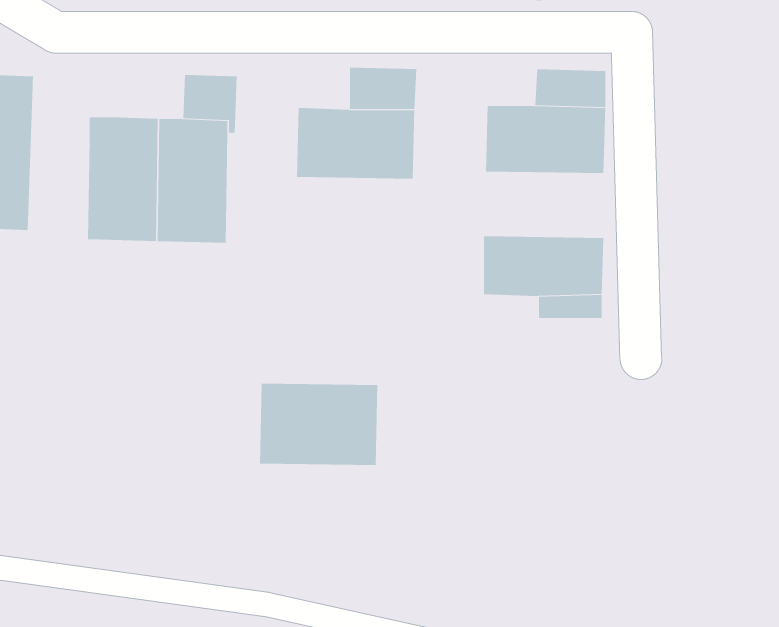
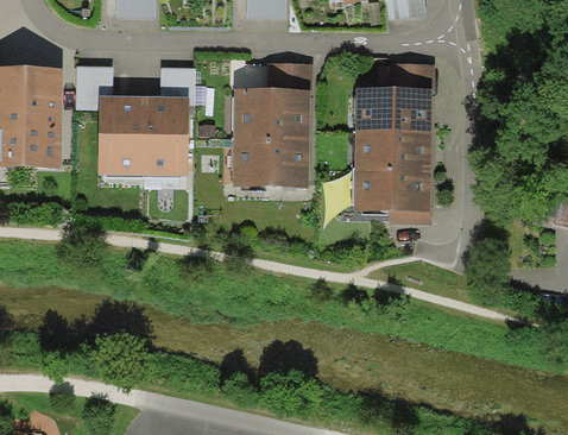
building: none -> [76,64,112,109]
building: none -> [354,130,433,172]
building: [259,383,378,466] -> [232,133,309,187]

